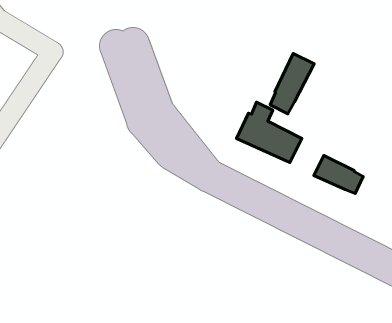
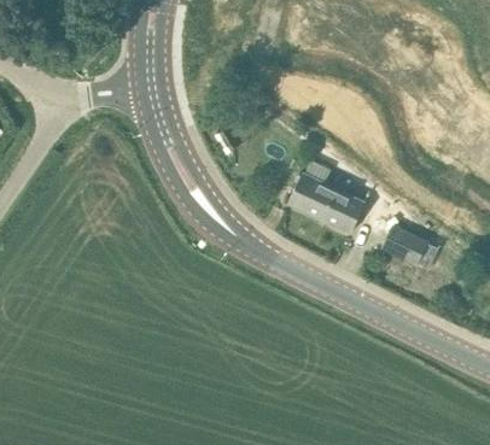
building: [270,54,314,114] -> none

